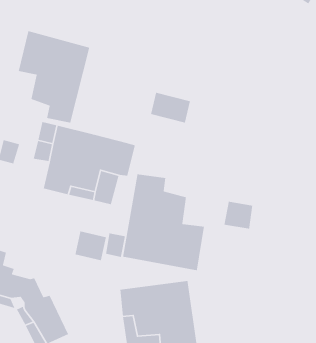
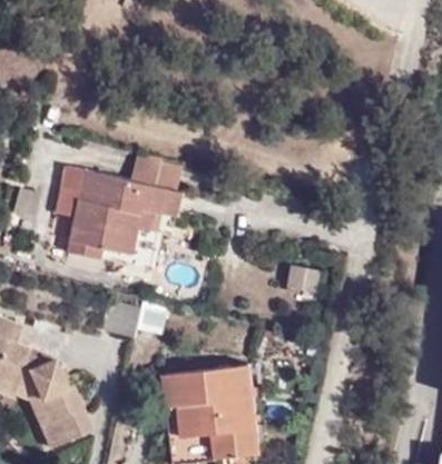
building: [18,30,90,124] -> none
building: [150,92,191,124] -> [128,155,178,194]
building: [122,174,205,271] -> none

